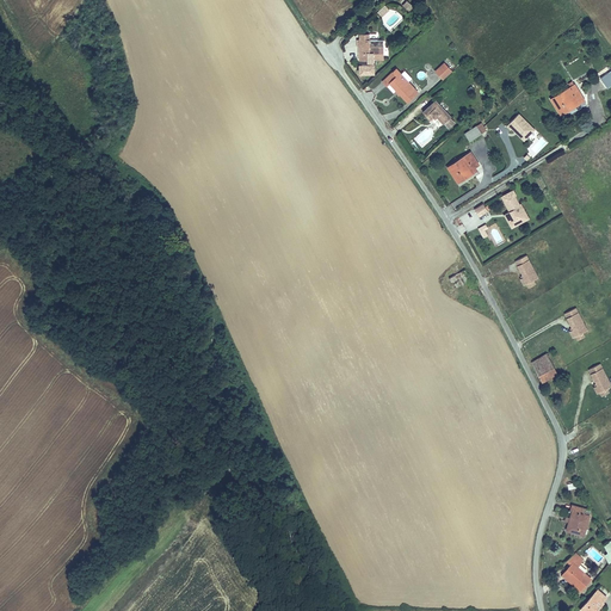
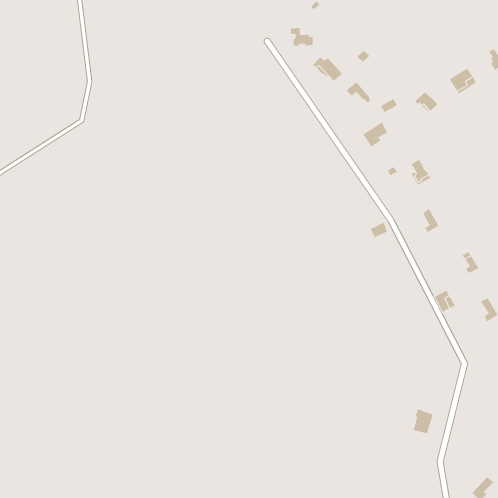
building: [567,500,592,531] -> [413,408,433,434]
building: [562,547,593,587] -> none

